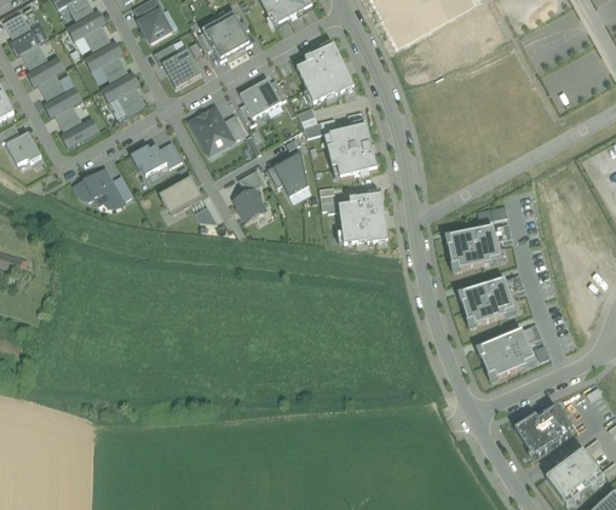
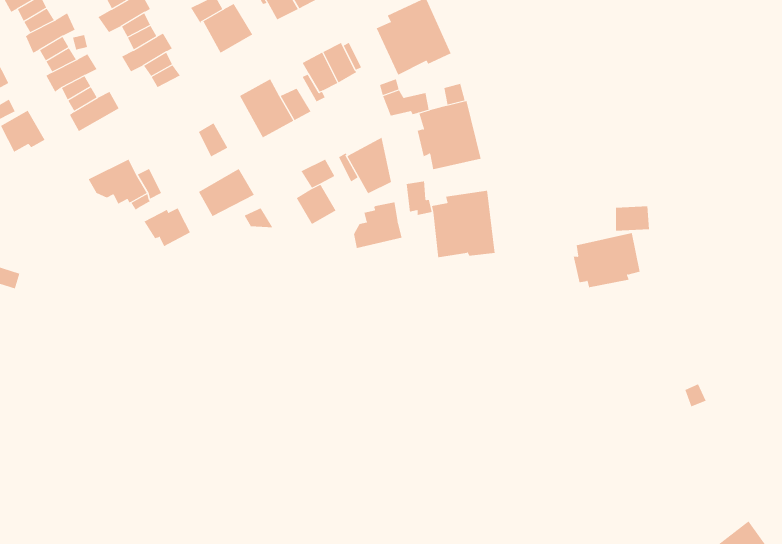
building: [129,143,166,173] -> [144,207,191,247]
building: none -> [353,201,402,249]
building: [461,277,513,323] -> none
building: [479,328,532,377] -> none
building: [513,405,570,455] -> none

